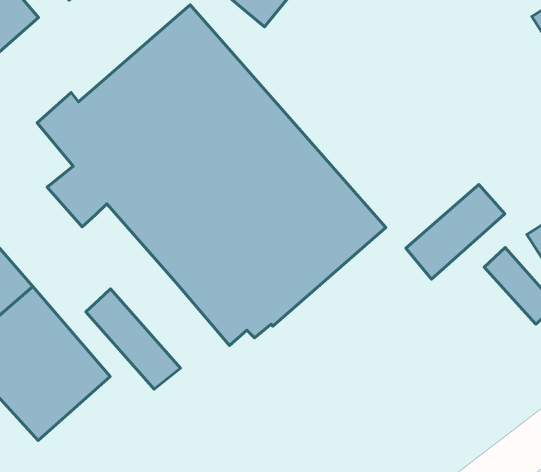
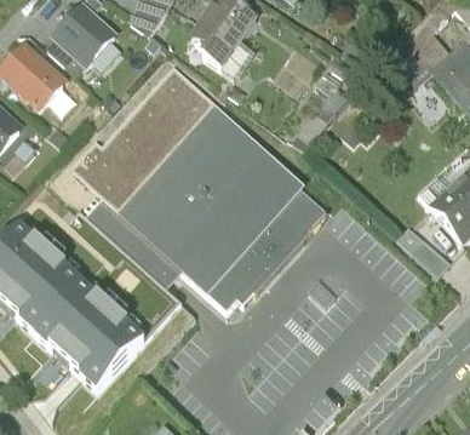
building: [406,184,505,279] -> none
building: [86,289,180,389] -> [113,213,184,281]

